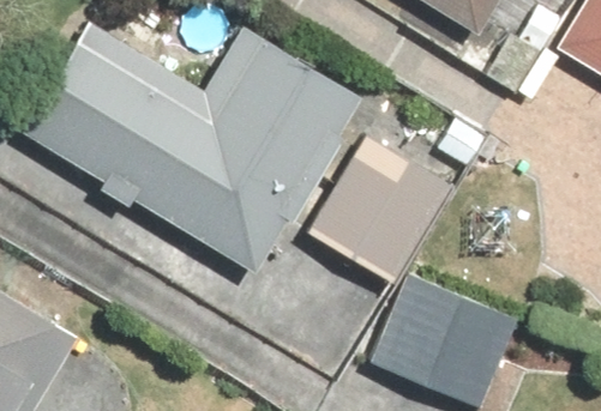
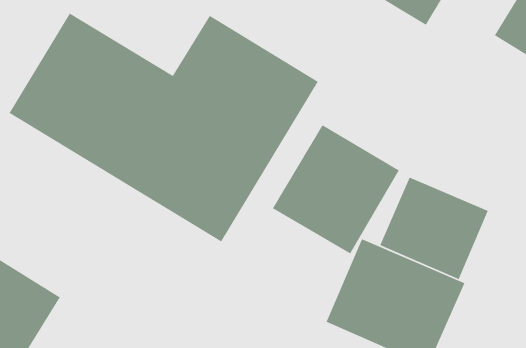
building: none -> [379,177,489,280]

